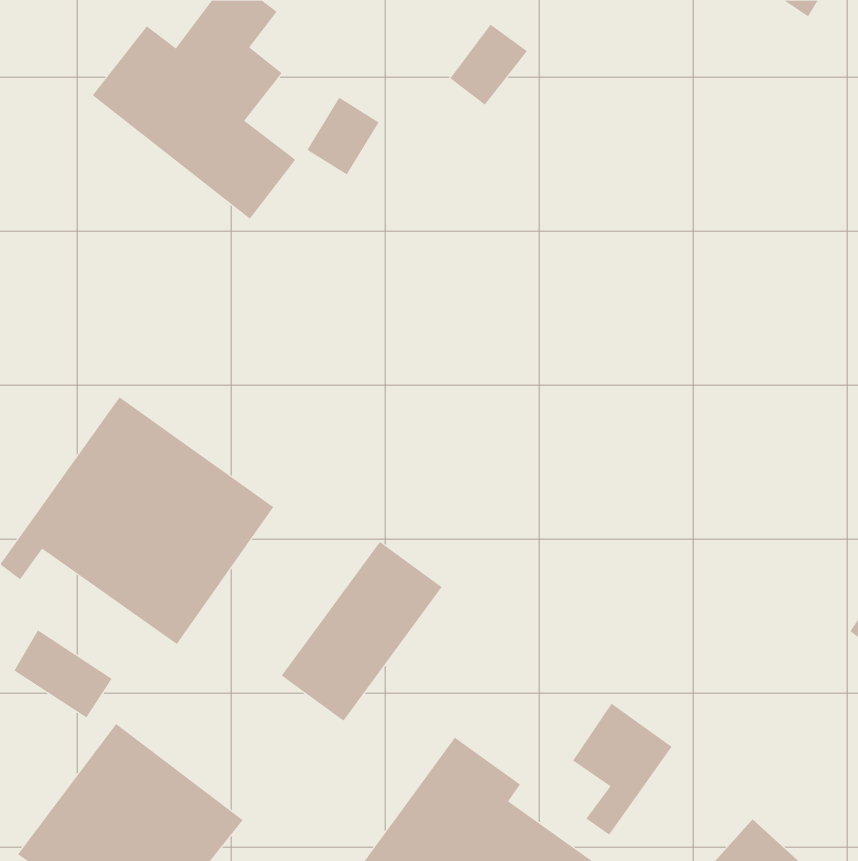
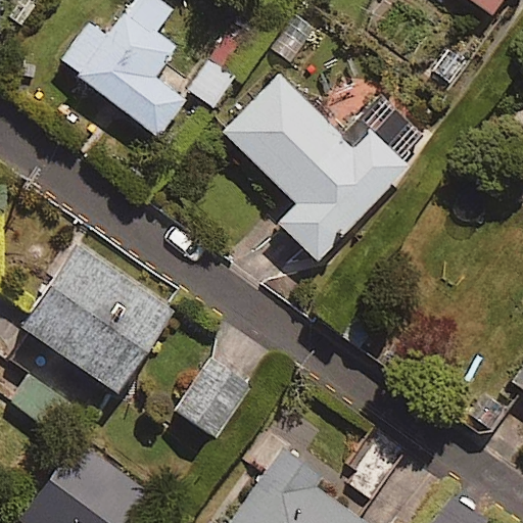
building: none -> [223,75,430,260]

